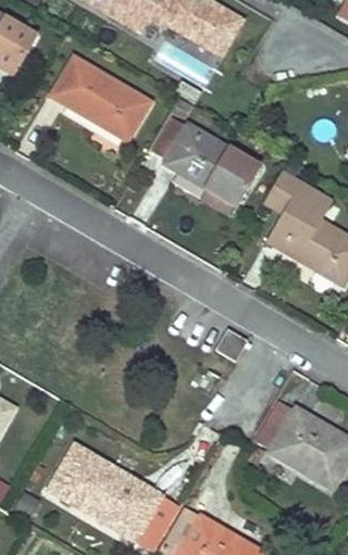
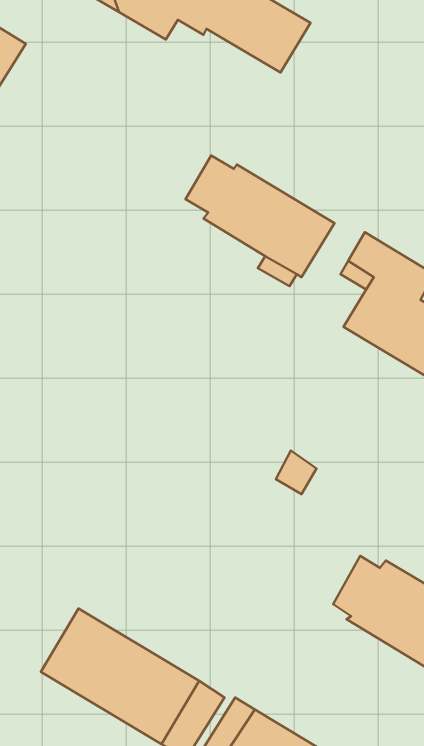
building: [52,58,151,140] -> none

